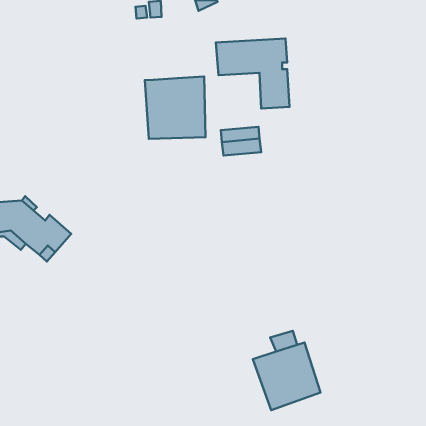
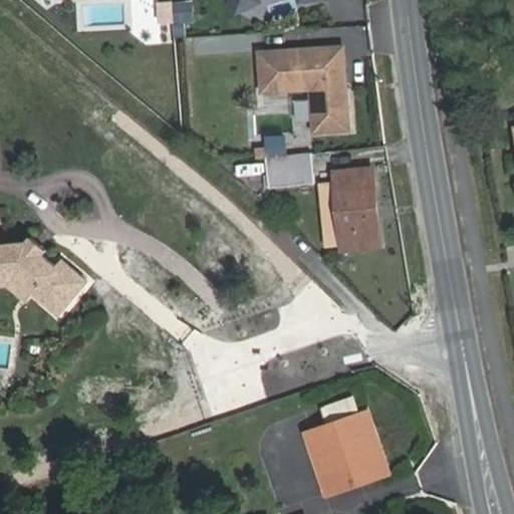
building: [145,77,206,139] -> none
building: none -> [332,170,378,250]

